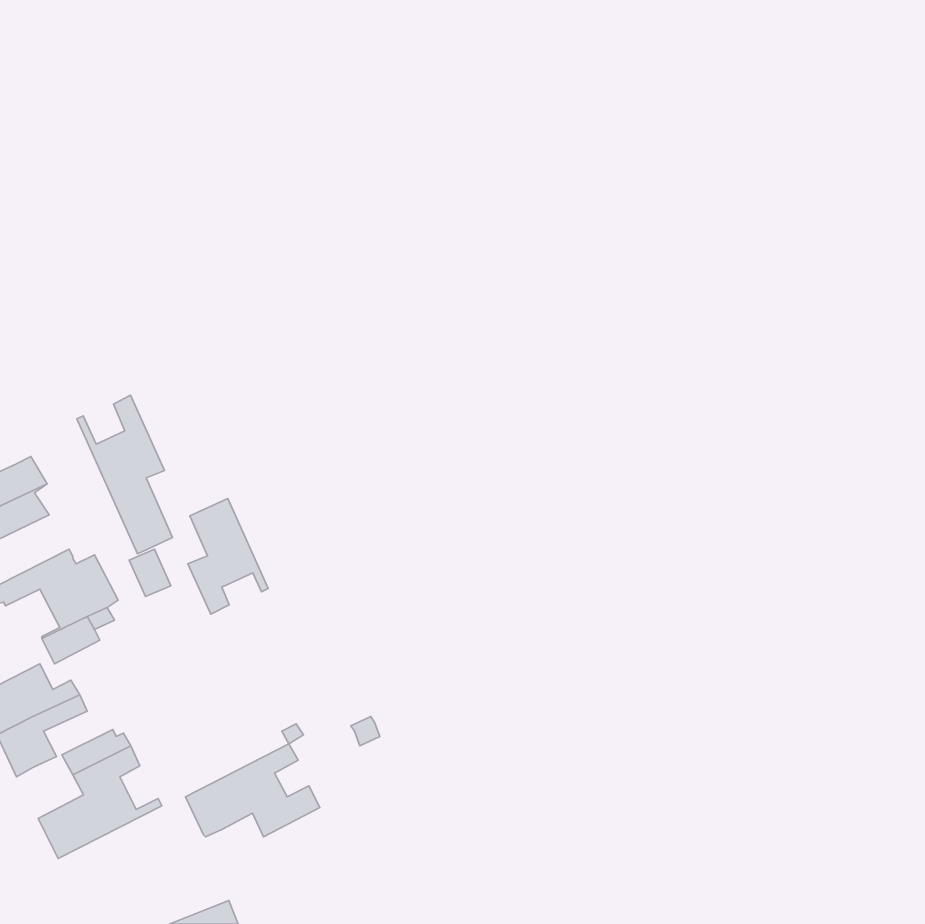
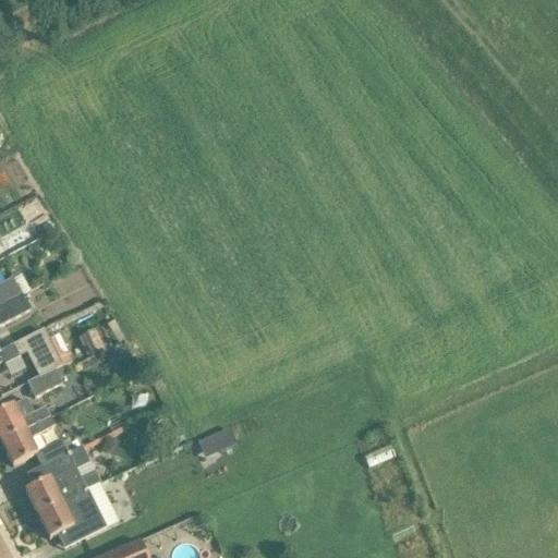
building: [77,395,173,554] -> none
building: [188,499,268,614] -> none
building: [185,744,320,837] -> [35,483,116,538]

